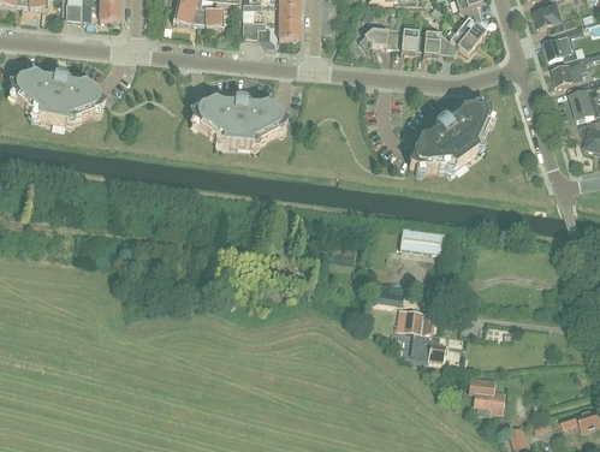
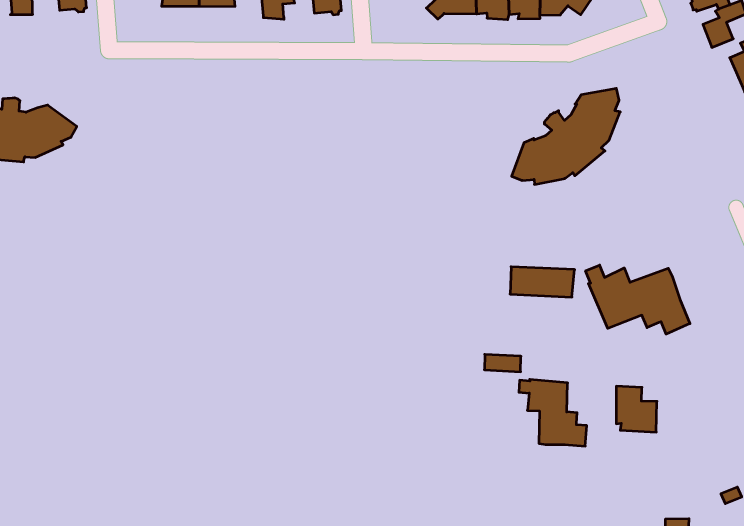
building: [190,100,287,145] -> none
building: none -> [586,265,690,334]
building: [474,377,504,412] -> [616,386,657,432]

